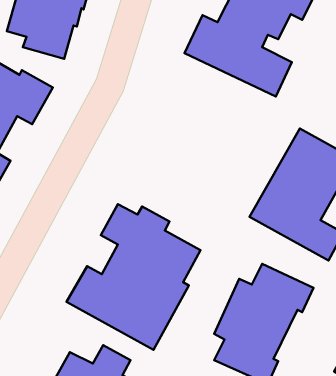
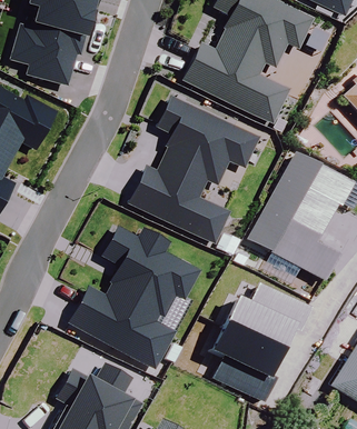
building: none -> [130,97,259,242]

